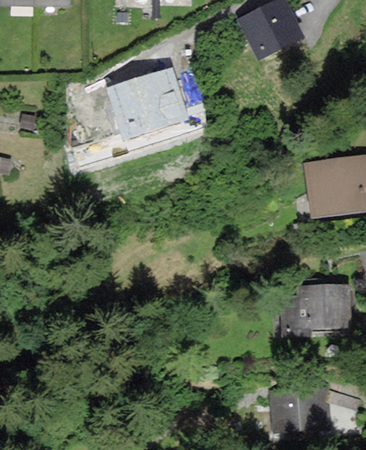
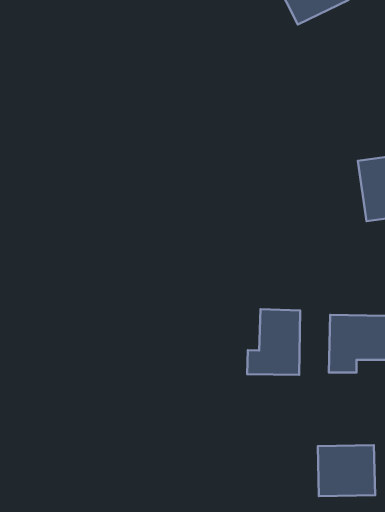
building: [116,80,179,132] -> none
building: none -> [247,309,300,375]

